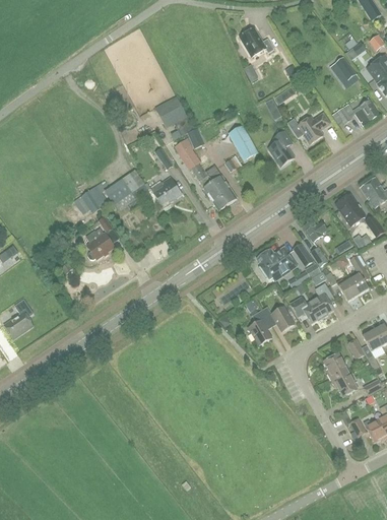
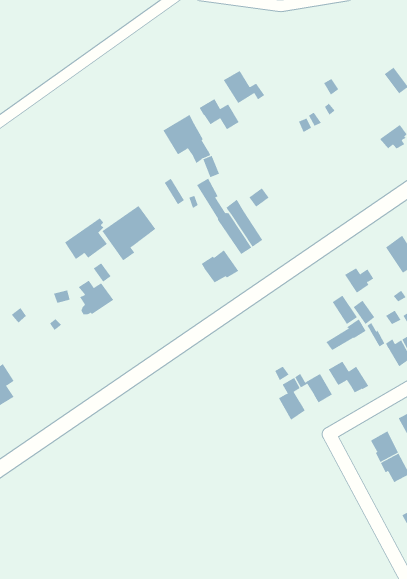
building: [240,27,274,55] -> [223,70,265,104]
building: none -> [199,98,240,130]
building: [287,113,330,143] -> none
building: [229,124,258,159] -> none
building: [268,130,294,166] -> none
building: [150,176,182,203] -> [201,250,239,283]
building: [257,246,294,279] -> none
building: [313,282,333,316] -> none

